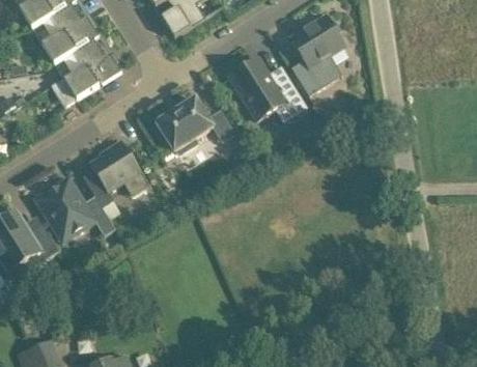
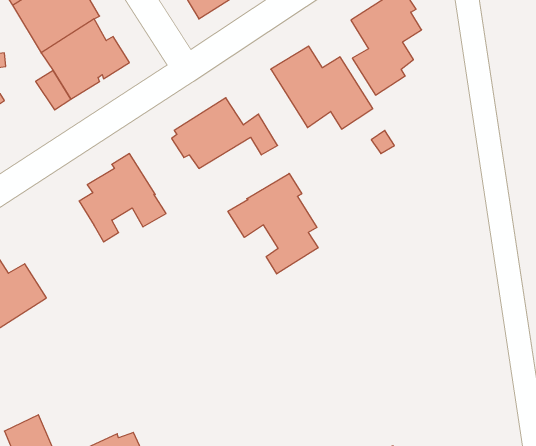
building: none -> [228,173,318,274]
building: [34,176,115,242] -> none

